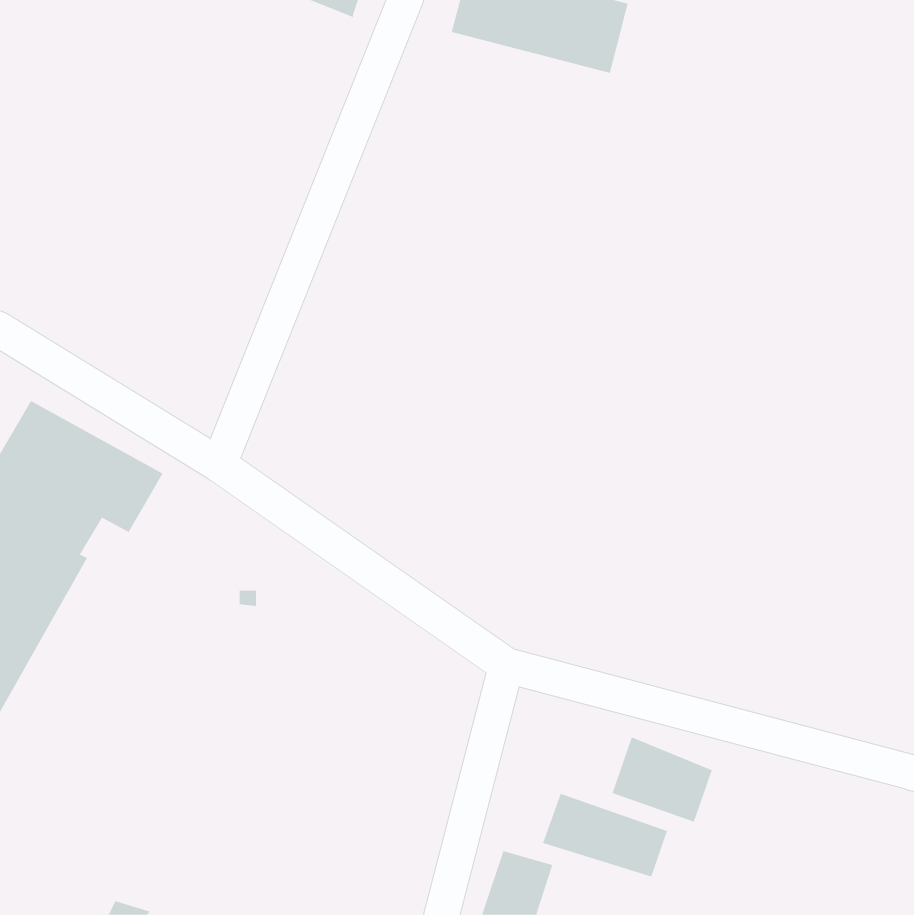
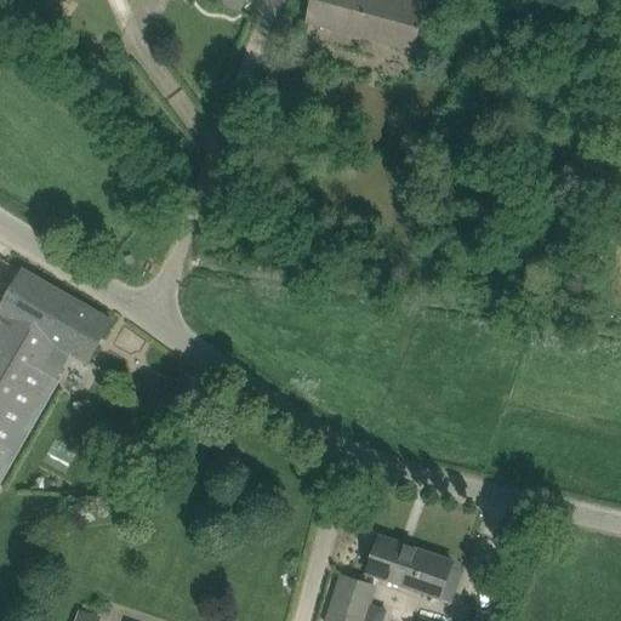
building: [612,737,713,822] -> none

